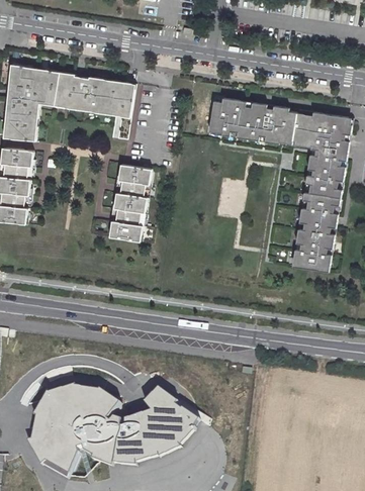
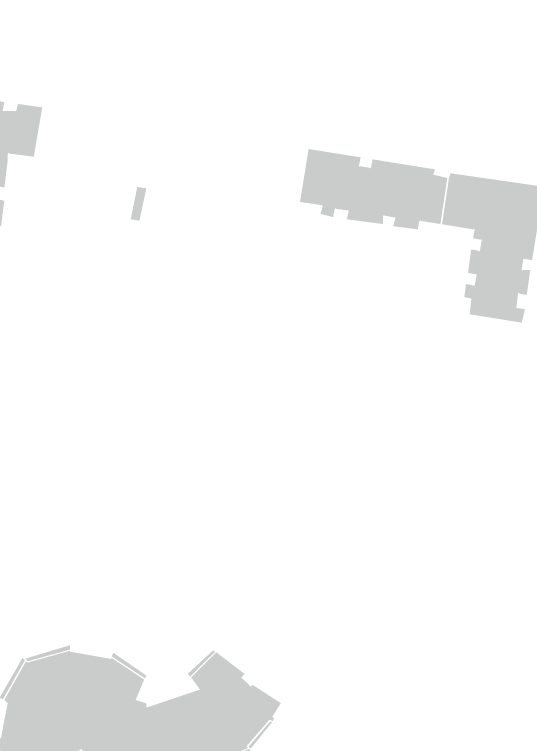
building: [55,72,135,118] -> none
building: [109,165,151,241] -> none
building: [292,192,340,270] -> none

